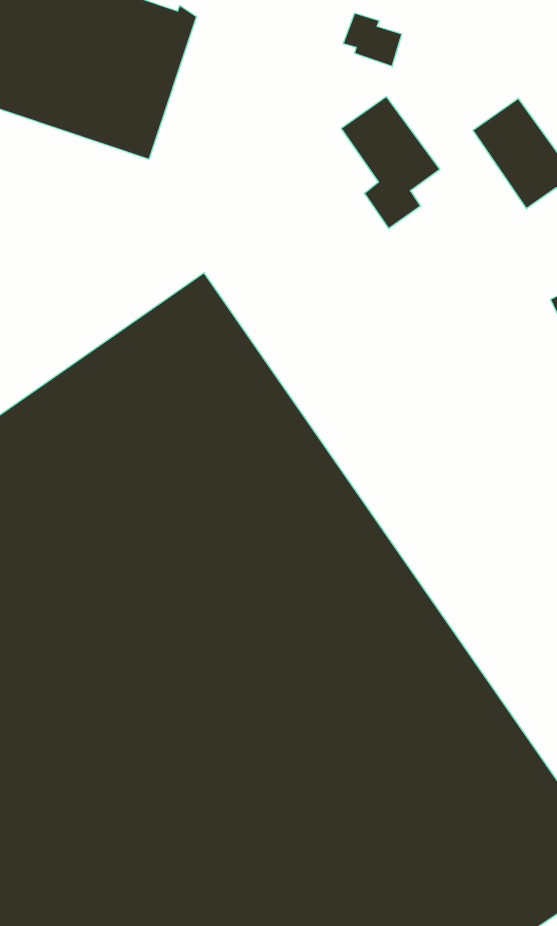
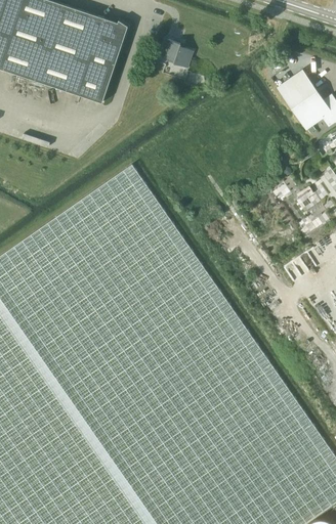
building: [343,13,402,66] -> [161,40,193,69]
building: [341,96,440,229] -> none

